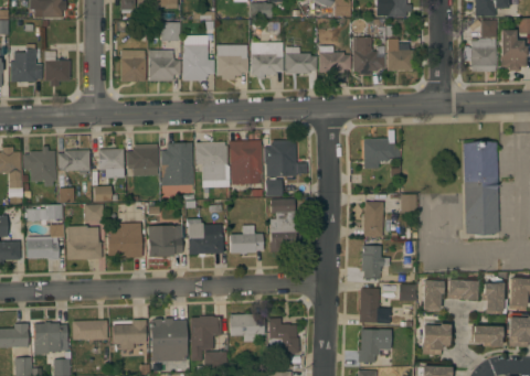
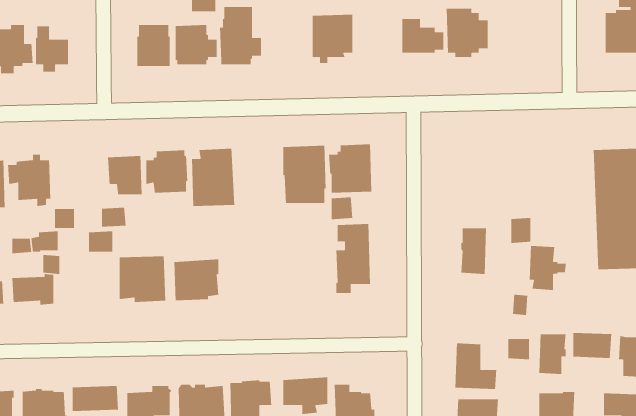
building: [388,39,413,71] -> none
building: [216,45,248,79] -> none
building: [285,46,317,74] -> none
building: [363,130,400,169] -> none
building: [195,142,229,182] -> none
building: [57,150,91,174] -> none
building: [188,219,223,254] -> none
building: [230,225,264,254] -> none
building: [66,226,102,260] -> none
building: [361,245,390,279] -> [529,245,567,291]

